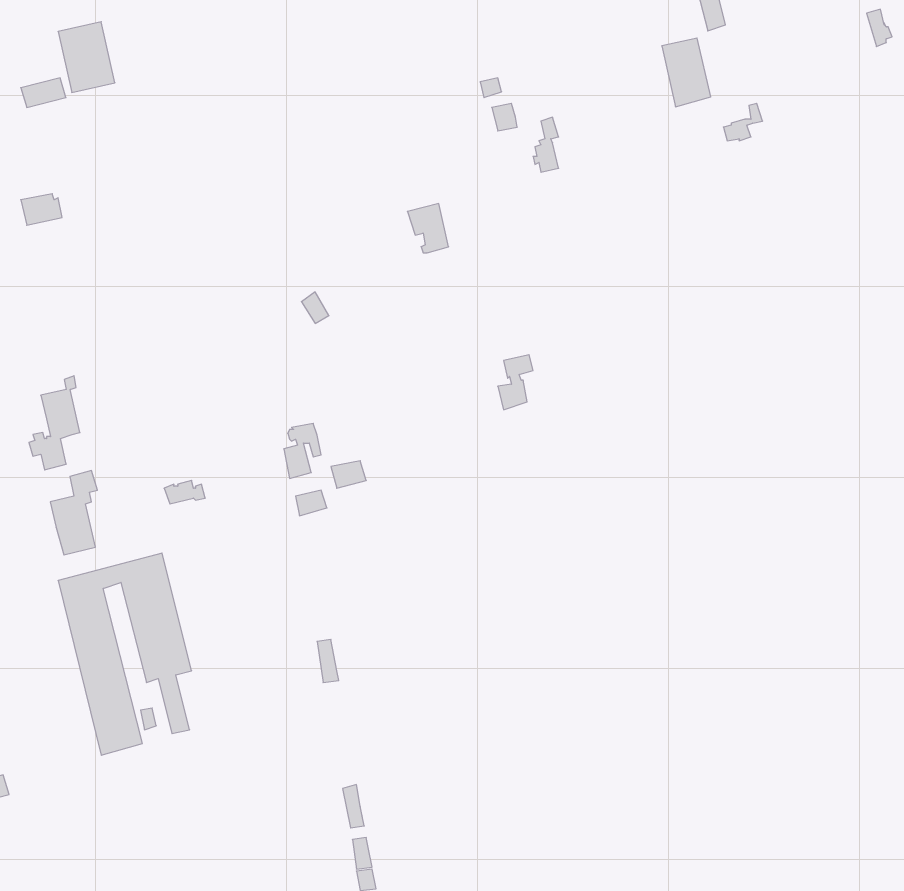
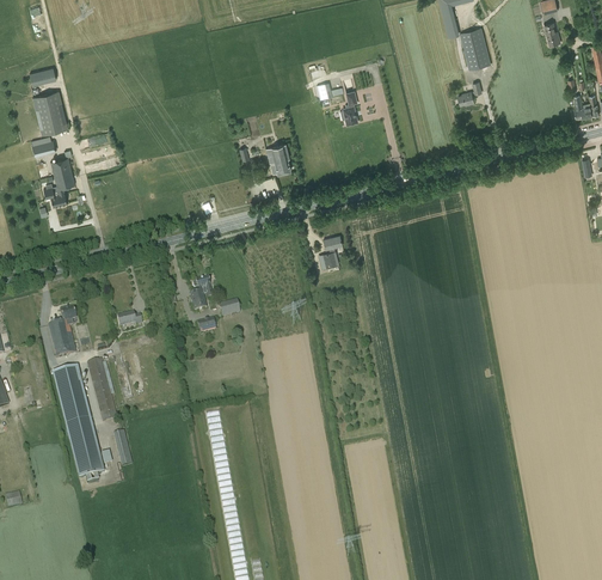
building: [58,22,115,92] -> [32,92,67,135]
building: [662,38,711,107] -> [460,29,490,71]
building: [29,376,80,470] -> [43,149,74,207]

